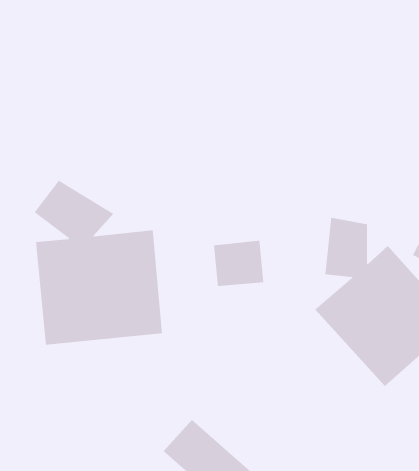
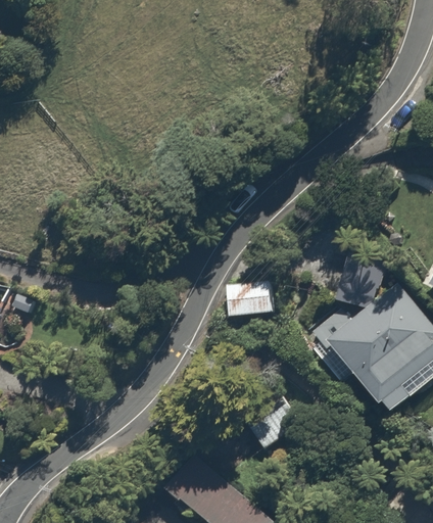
building: [34,180,162,345] -> none

